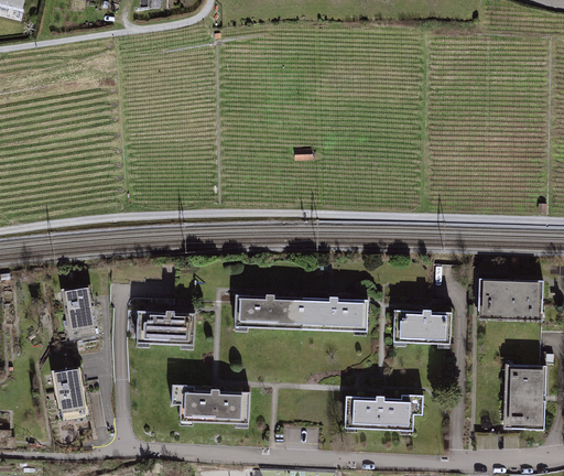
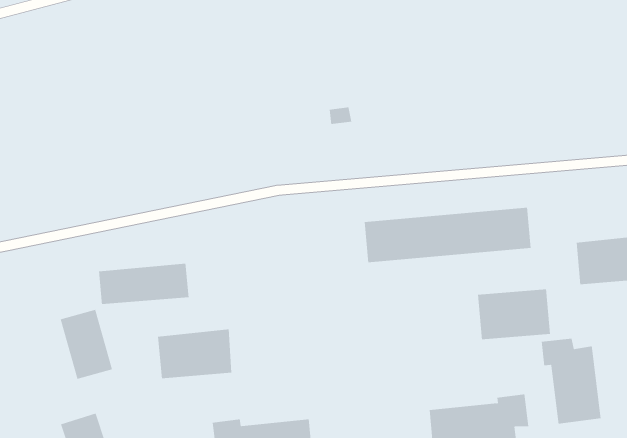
building: none -> [99,263,189,305]
building: [234,294,367,332] -> [364,207,532,263]
building: none -> [541,338,601,425]

